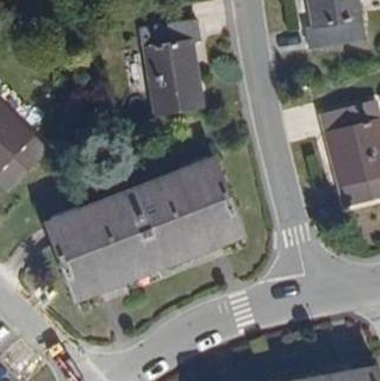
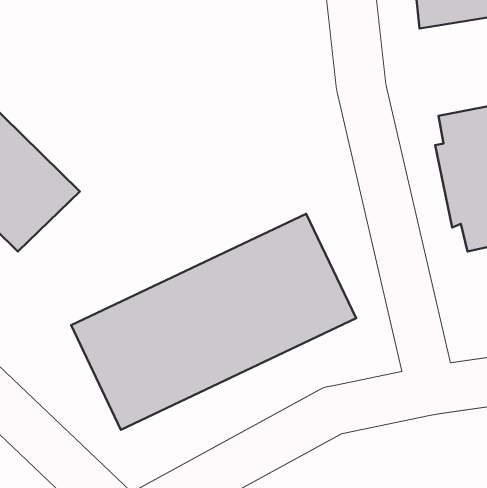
building: [138,20,198,118] -> none

